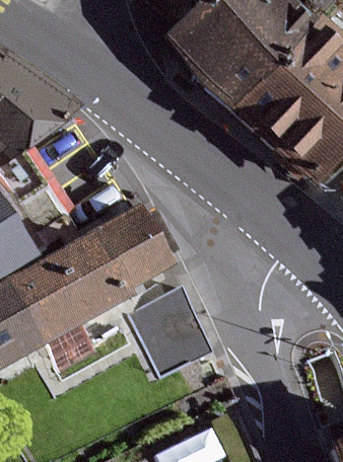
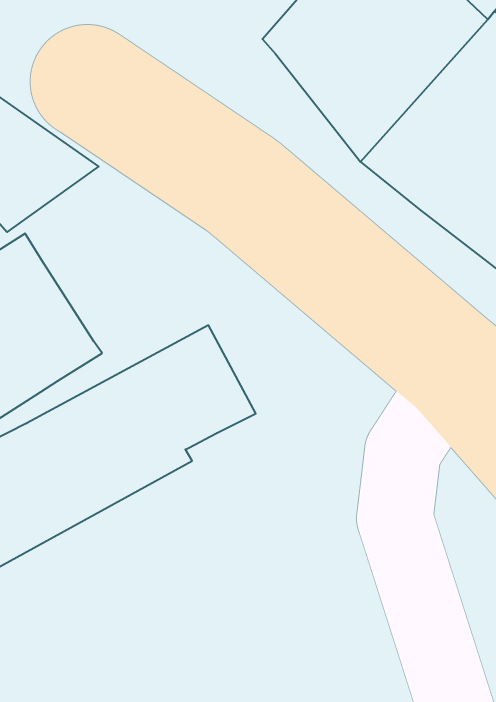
building: [129,290,211,377] -> none

